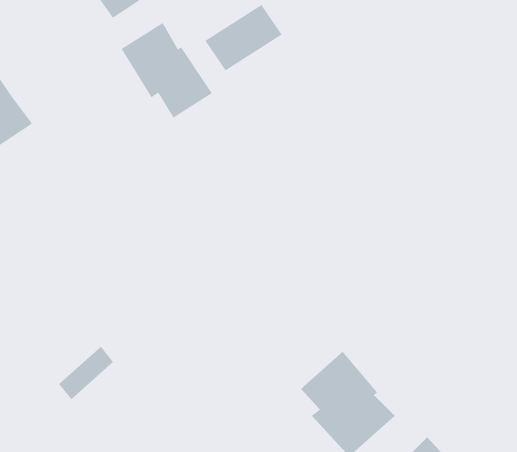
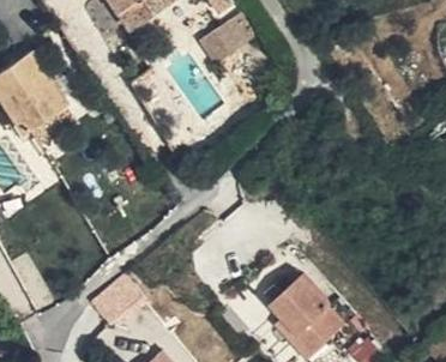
building: [121,22,212,118] -> none

